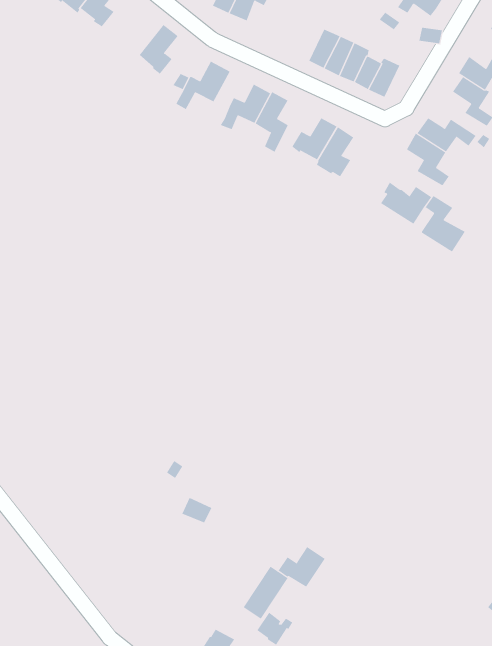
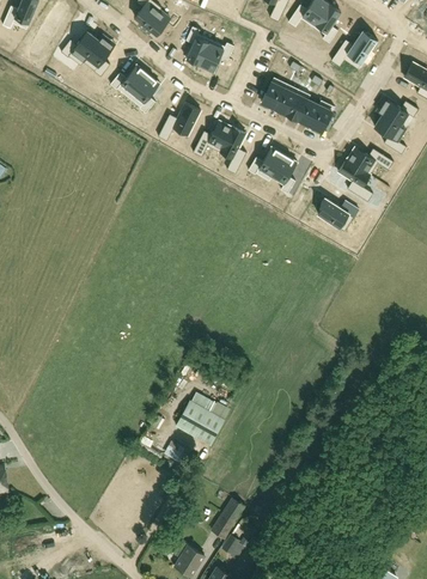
building: none -> [109,63,147,97]
building: [421,195,465,252] -> none
building: none -> [175,400,224,445]
building: [278,546,326,588] -> none

